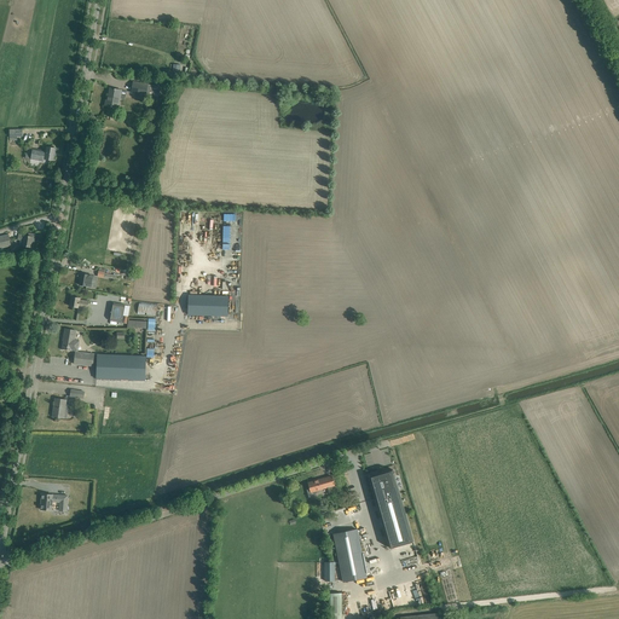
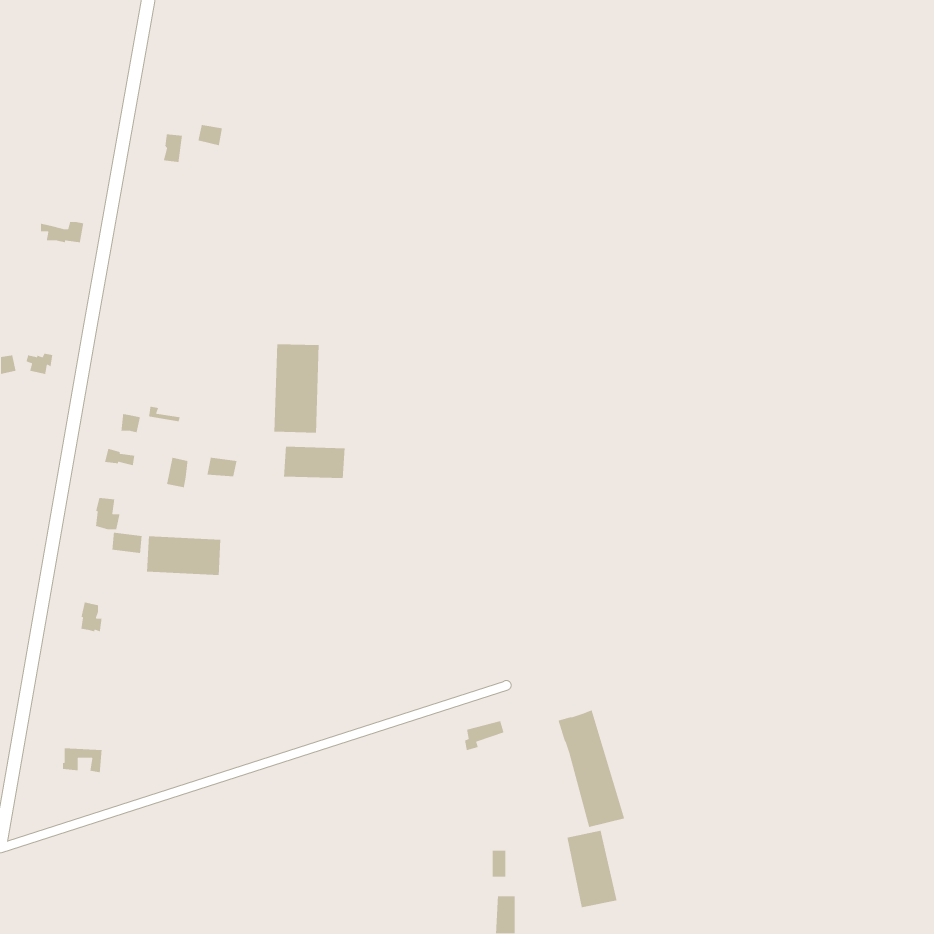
building: none -> [274,343,319,433]
building: [334,530,368,582] -> [566,830,618,908]

